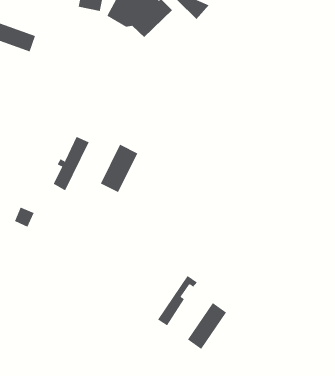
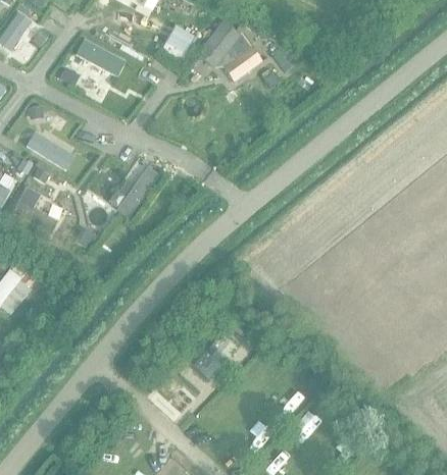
building: [100,144,138,193] -> none
building: [187,302,227,350] -> none

